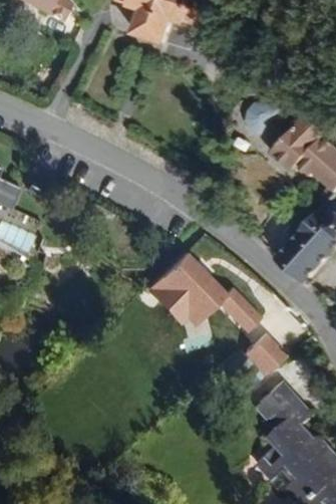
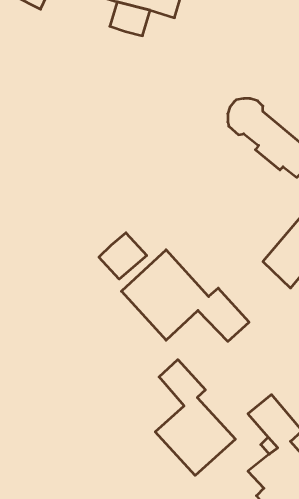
building: none -> [99,233,147,279]
building: [244,330,289,376] -> none
building: none -> [155,360,235,475]

